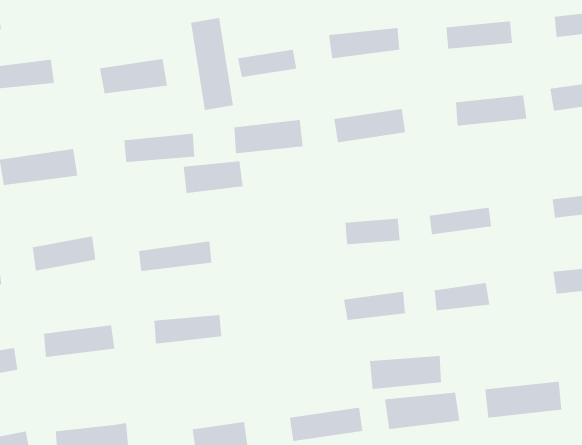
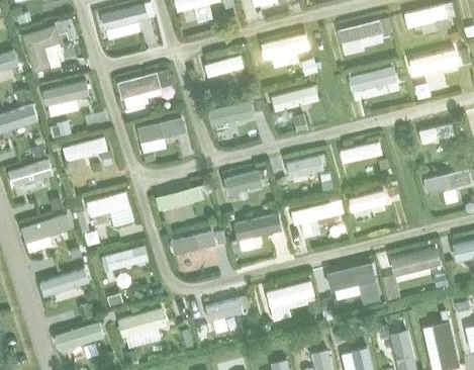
building: [191,17,234,111] -> none
building: [183,161,243,194] -> [223,171,264,196]
building: [369,355,442,390] -> [232,214,281,242]

